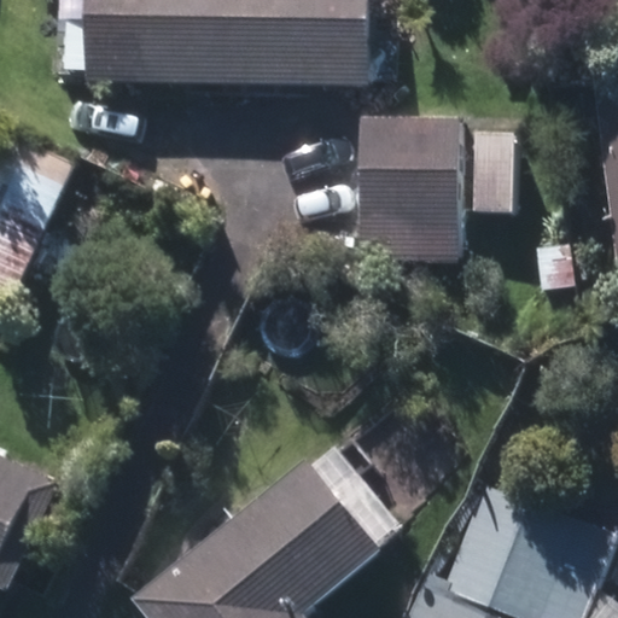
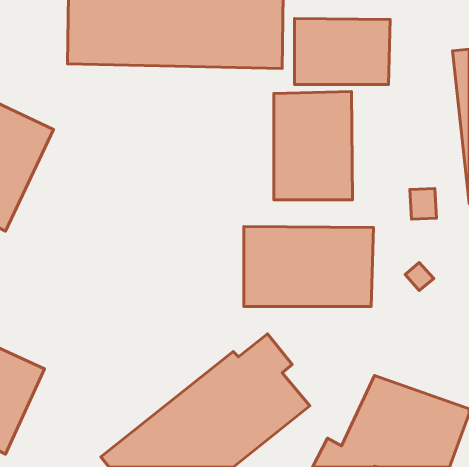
building: none -> [294,19,390,84]
building: none -> [244,227,374,306]

